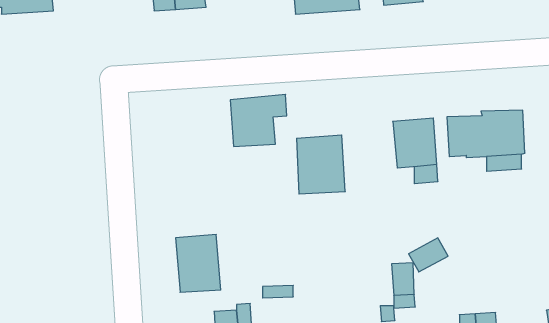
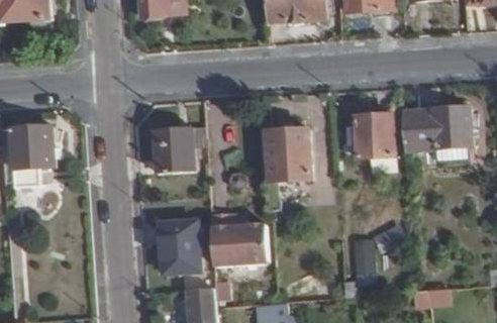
building: [230,94,287,146] -> [154,126,204,173]
building: none -> [9,126,53,186]
building: none -> [208,214,268,260]

